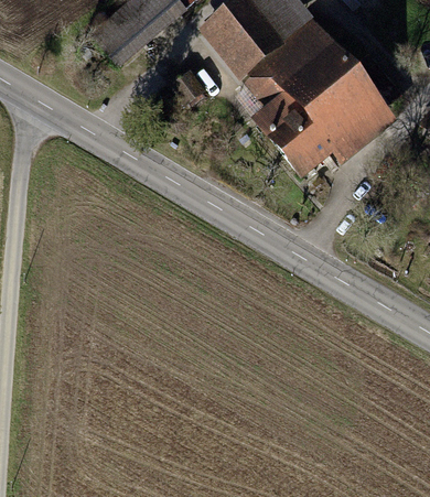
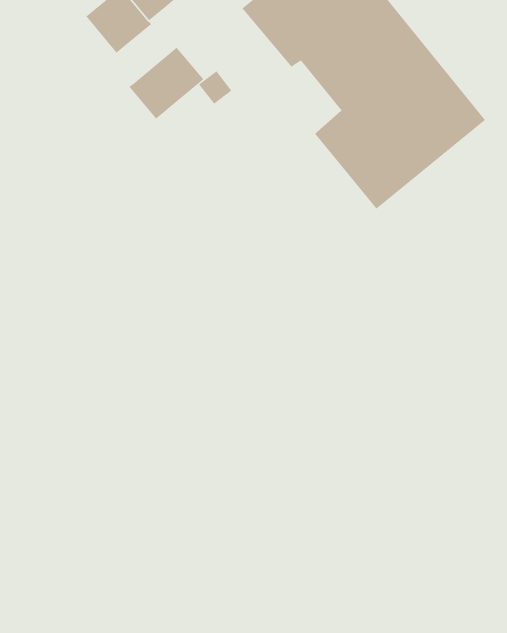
building: none -> [129,47,204,119]

